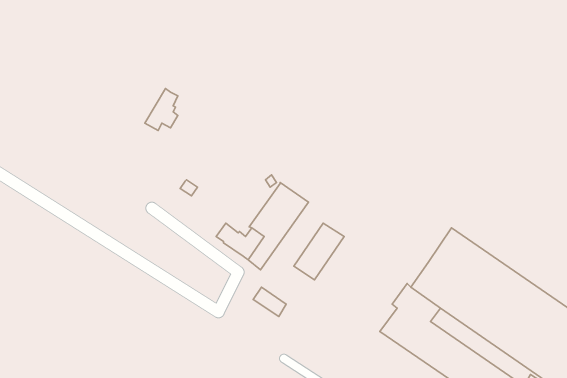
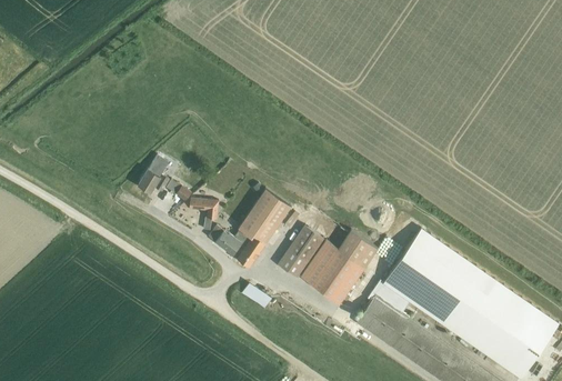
building: [145,89,178,130] -> [139,154,169,192]
building: none -> [180,199,218,230]
building: none -> [301,230,378,302]

